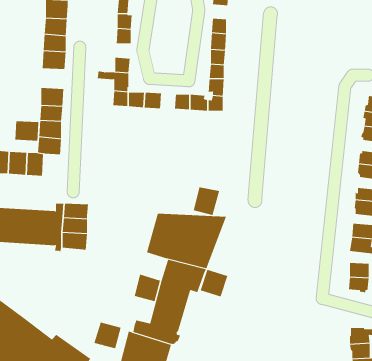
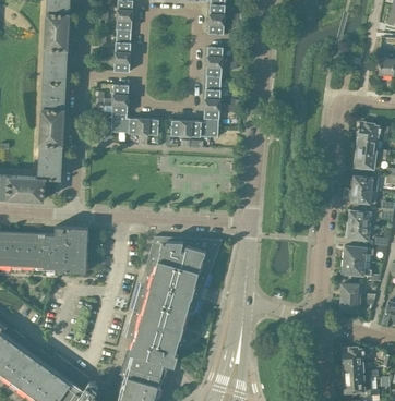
building: [14,121,39,141] -> [41,95,65,114]
building: [193,187,220,216] -> none
building: [200,269,228,297] -> [137,274,165,301]
building: [93,322,121,349] -> [125,316,153,342]

